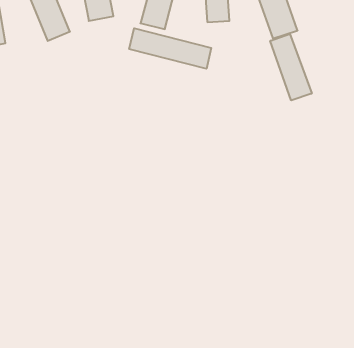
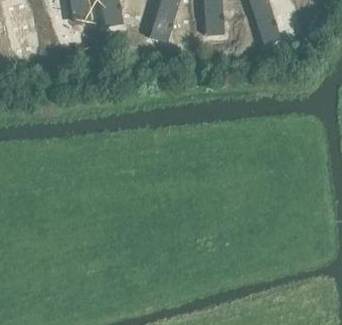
building: [129,28,211,69] -> none
building: [270,34,312,100] -> none

